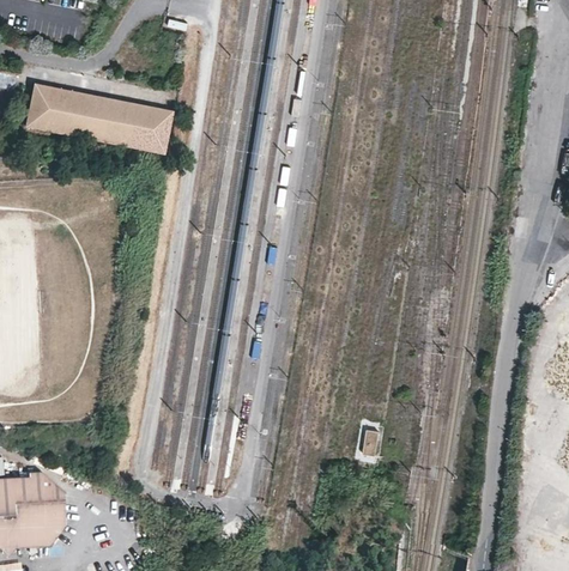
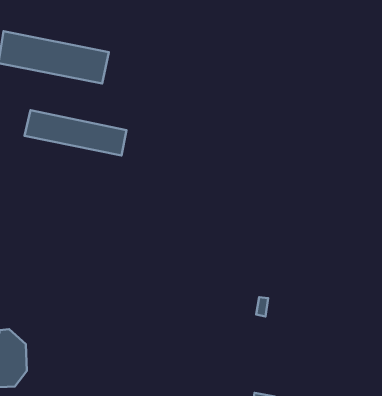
building: none -> [24,110,126,155]

